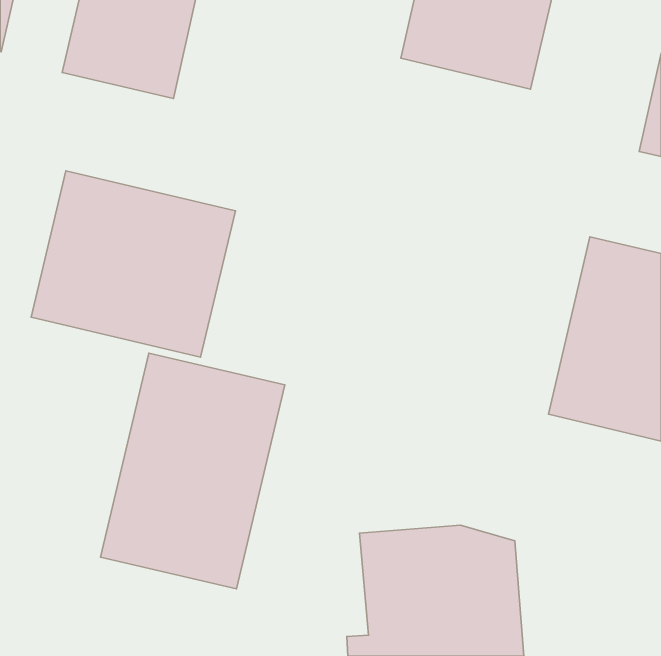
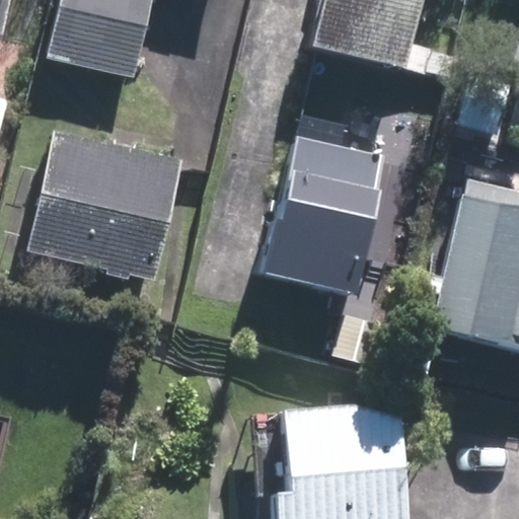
building: none -> [261,140,388,294]
building: [101,353,285,589] -> none

